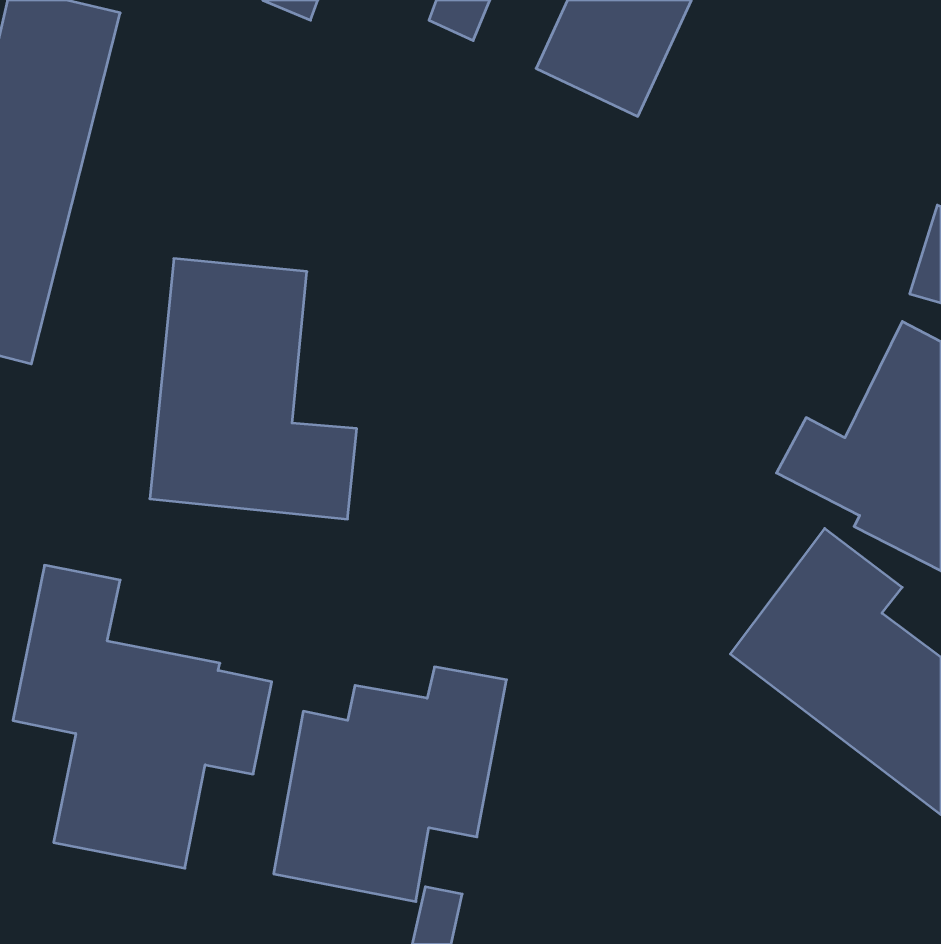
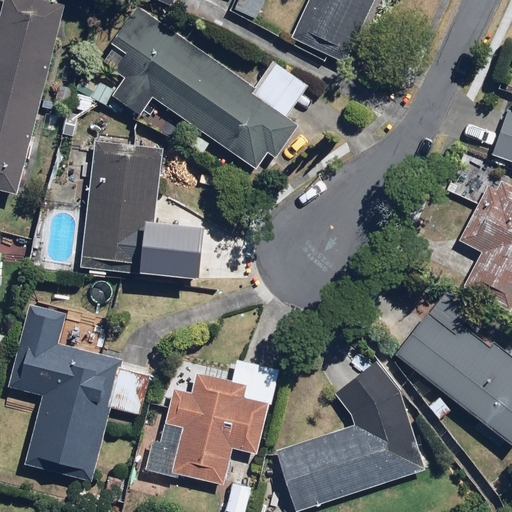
building: none -> [104,5,308,172]
building: none -> [275,359,423,507]

